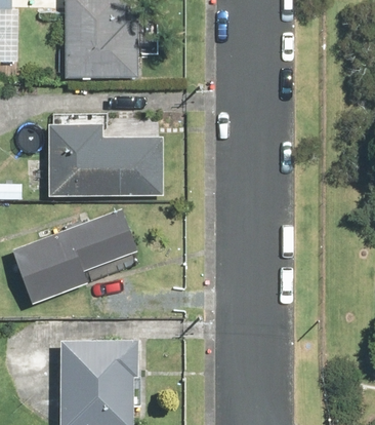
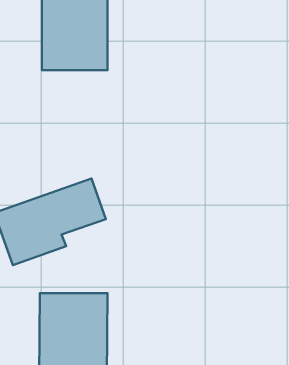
building: [47,124,162,198] -> none

